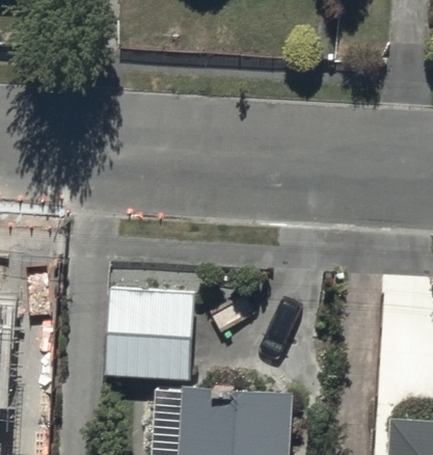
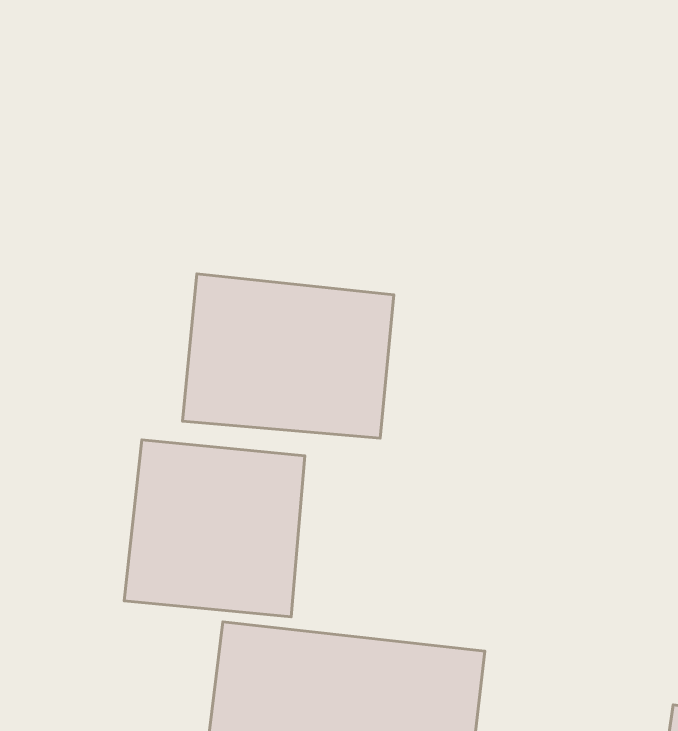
building: none -> [183,274,394,438]

